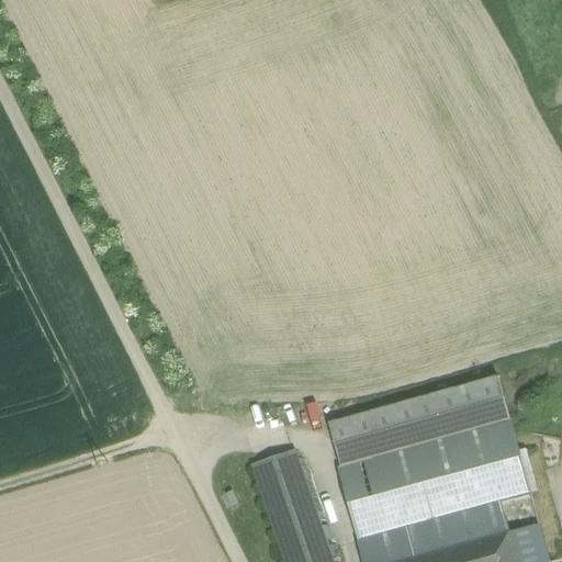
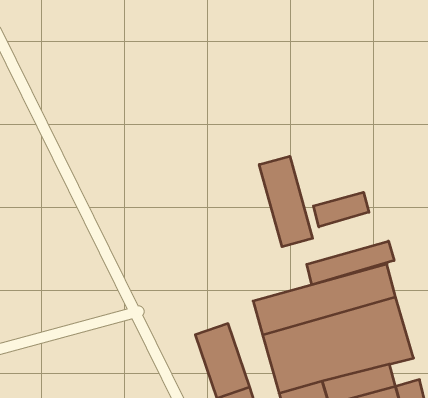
building: none -> [259,156,313,247]
building: none -> [313,192,369,227]
building: none -> [307,241,394,285]

